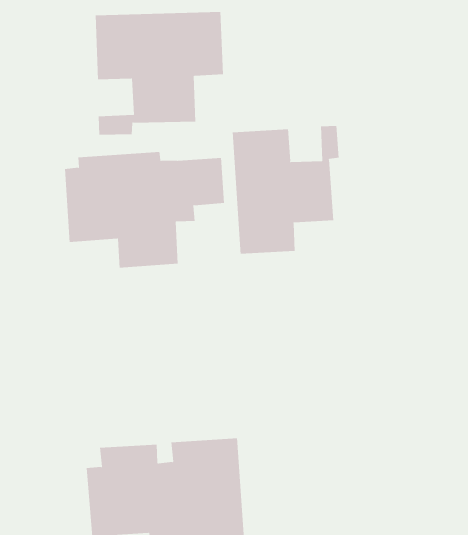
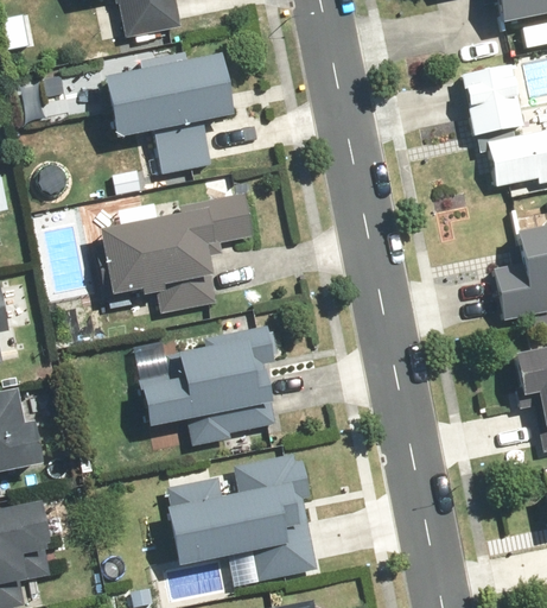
building: [232,125,339,254] -> none
building: none -> [134,323,279,441]

